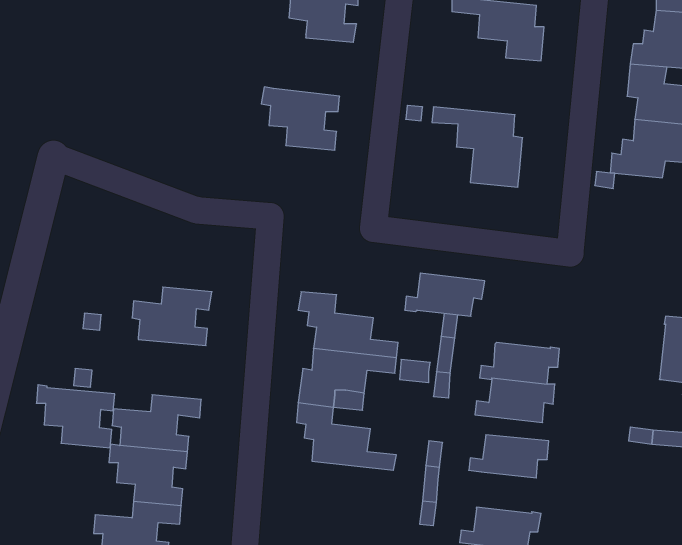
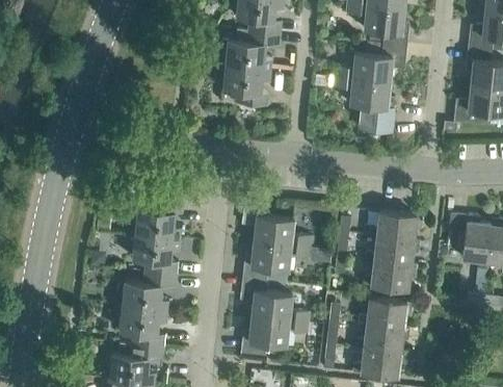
building: none -> [221,27,281,70]
building: none -> [335,44,407,82]
building: [405,273,485,316] -> [369,211,423,240]
building: none -> [447,213,492,269]
building: [36,385,115,448] -> [128,232,181,275]
building: none -> [241,316,308,356]
building: none -> [355,324,409,352]

